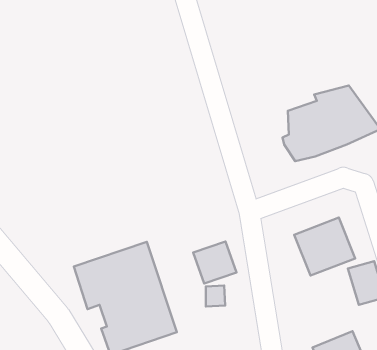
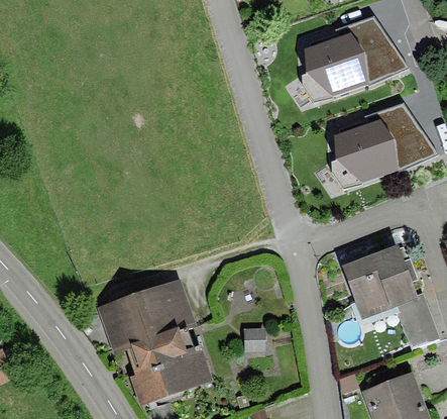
building: none -> [302,16,409,101]
building: [193,242,237,284] -> none

